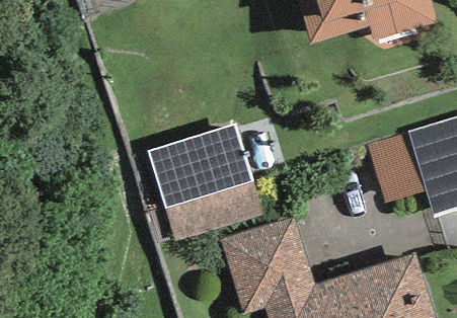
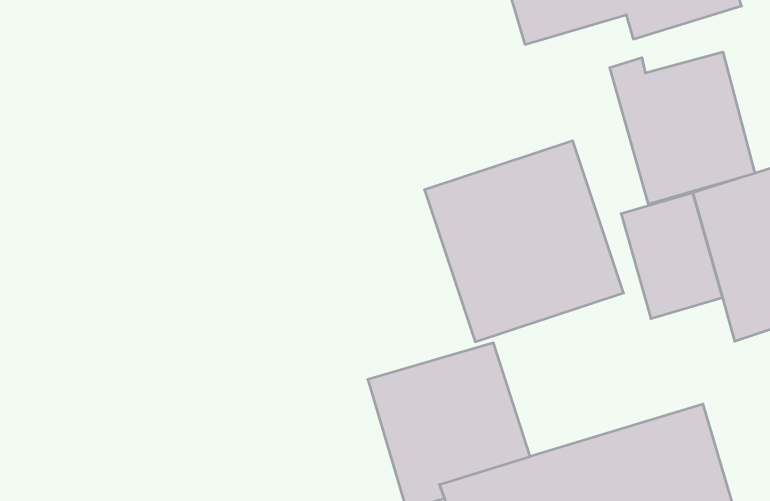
building: none -> [610,52,755,204]
building: [148,125,263,241] -> [424,141,624,342]

